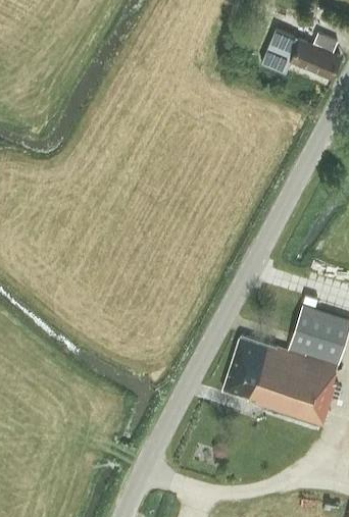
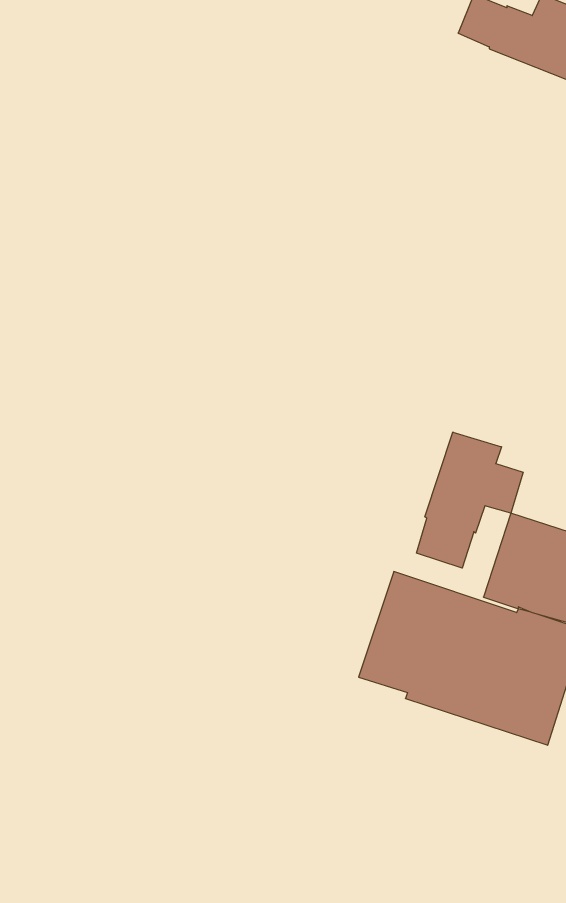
building: none -> [417,432,523,568]

